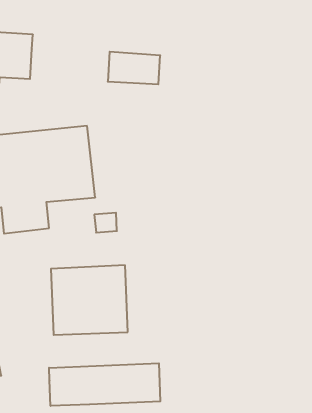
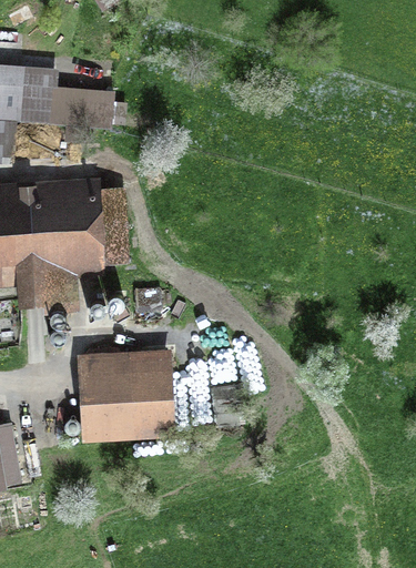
building: [108,52,160,84] -> [53,85,118,125]
building: [49,363,160,406] -> none

